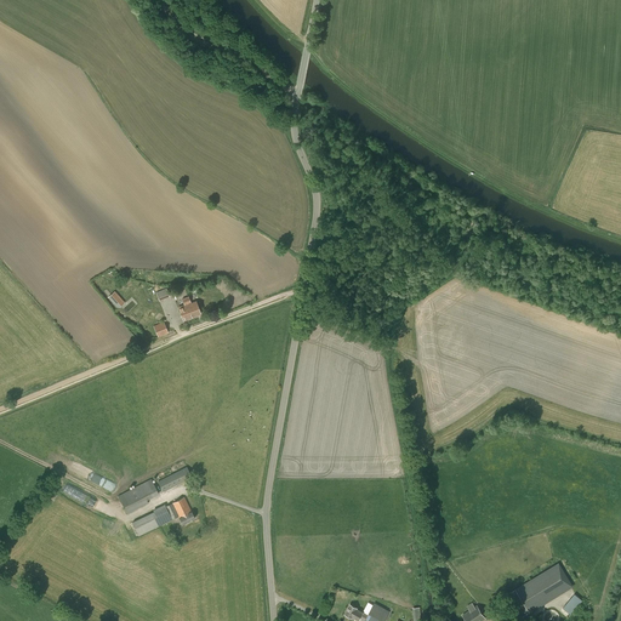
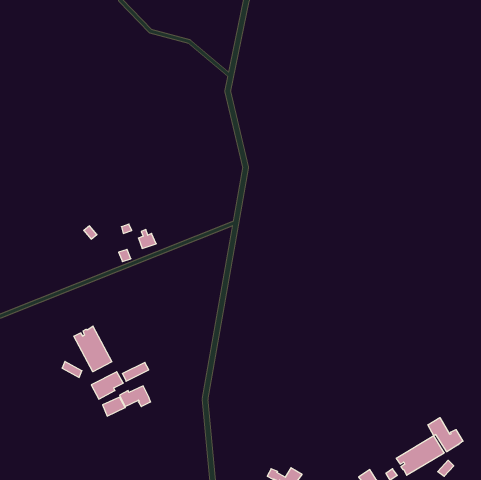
building: none -> [74,326,112,372]
building: none -> [428,418,463,452]

